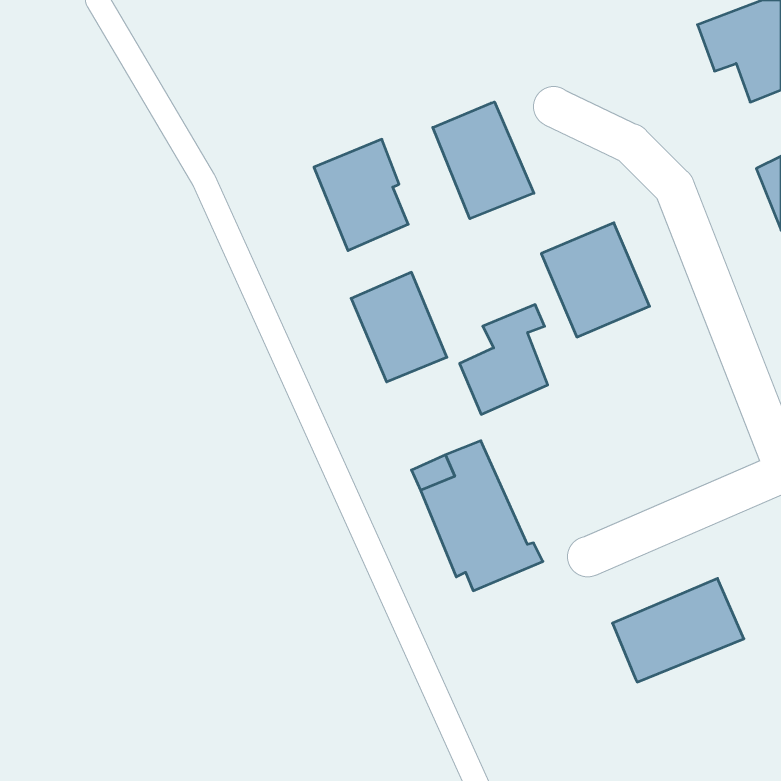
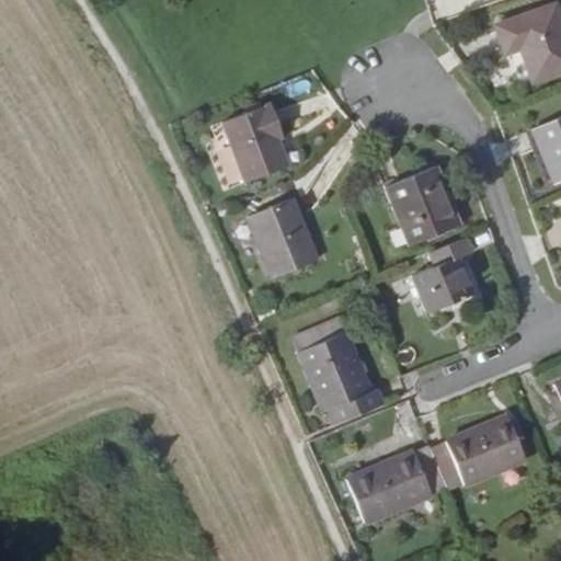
building: [433,102,534,219] -> none
building: [460,305,548,414] -> [412,237,474,314]
building: none -> [350,445,450,522]

